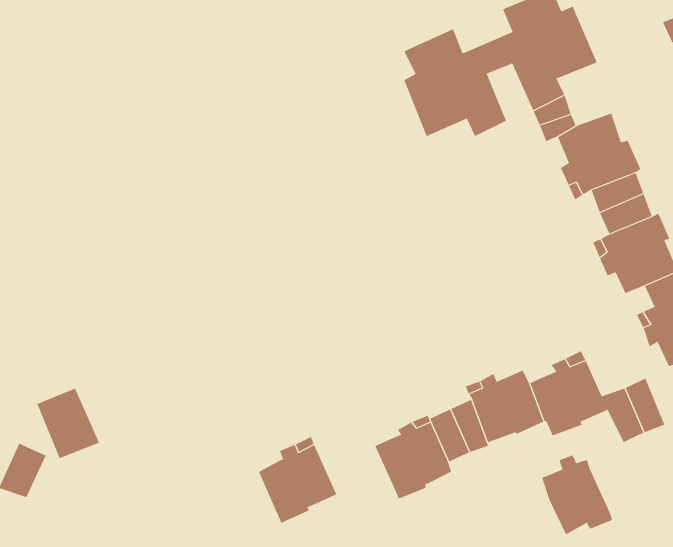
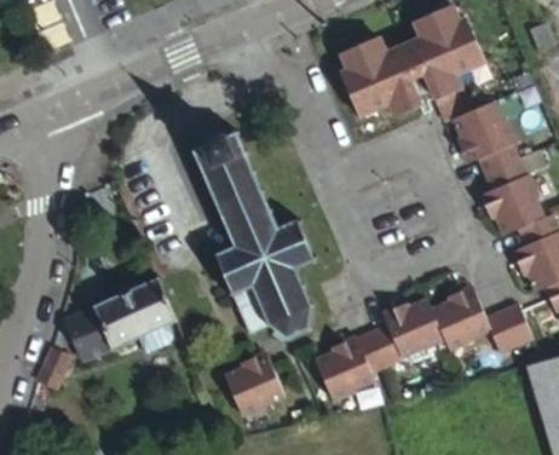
building: none -> [191,131,312,336]
building: none -> [94,280,177,351]
building: [542,454,613,535] -> none

